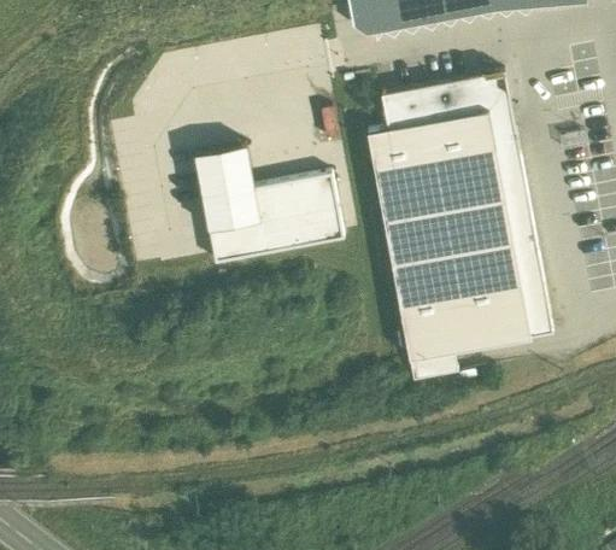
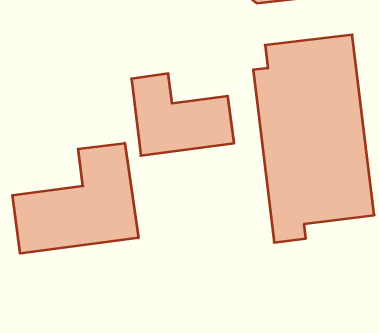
building: none -> [12,143,138,253]

